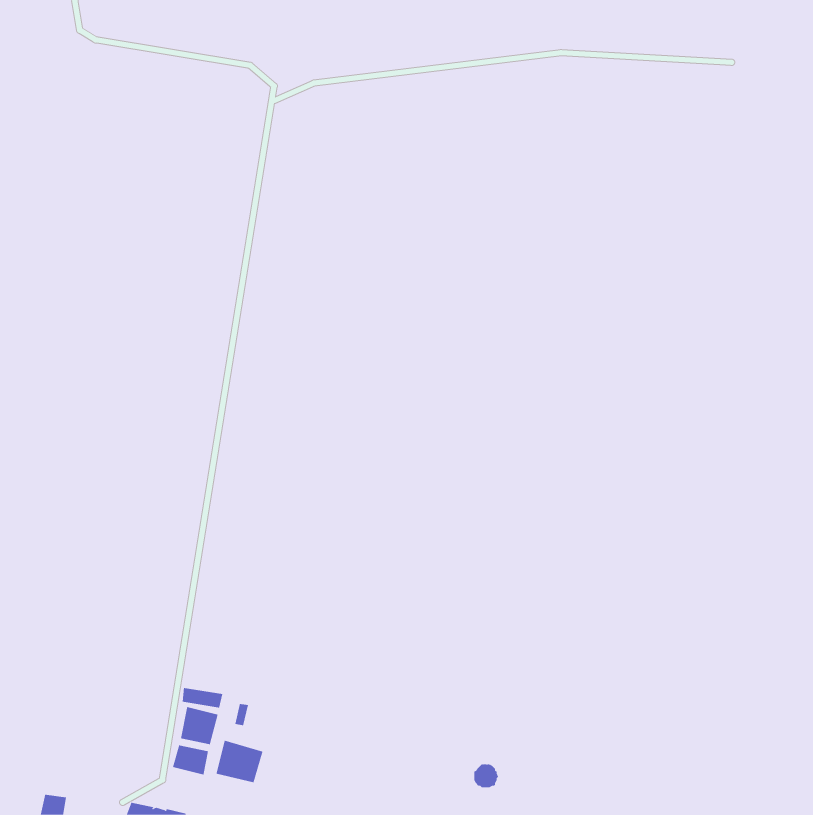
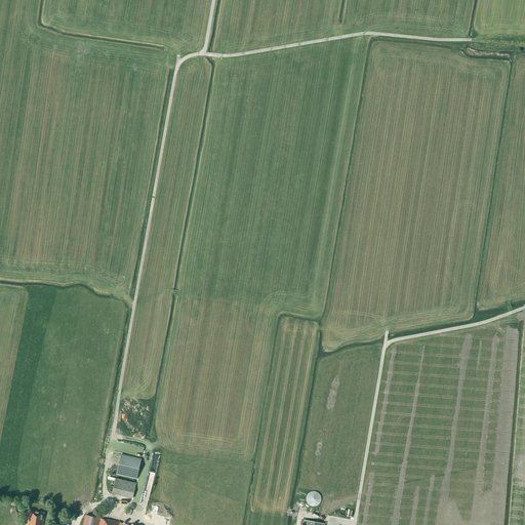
building: [216,740,263,783] -> none

